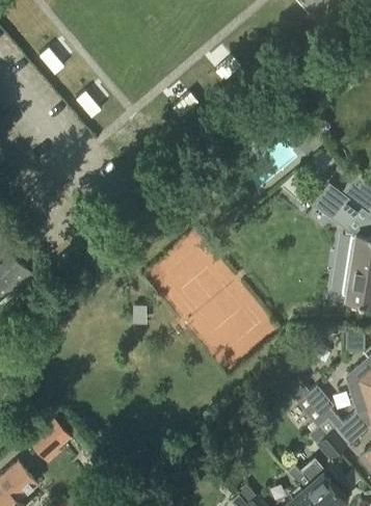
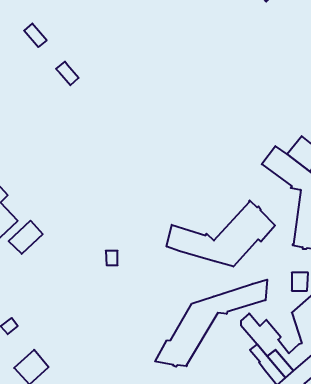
building: none -> [167,200,275,267]
building: none -> [9,221,43,254]
building: none -> [155,280,267,367]

